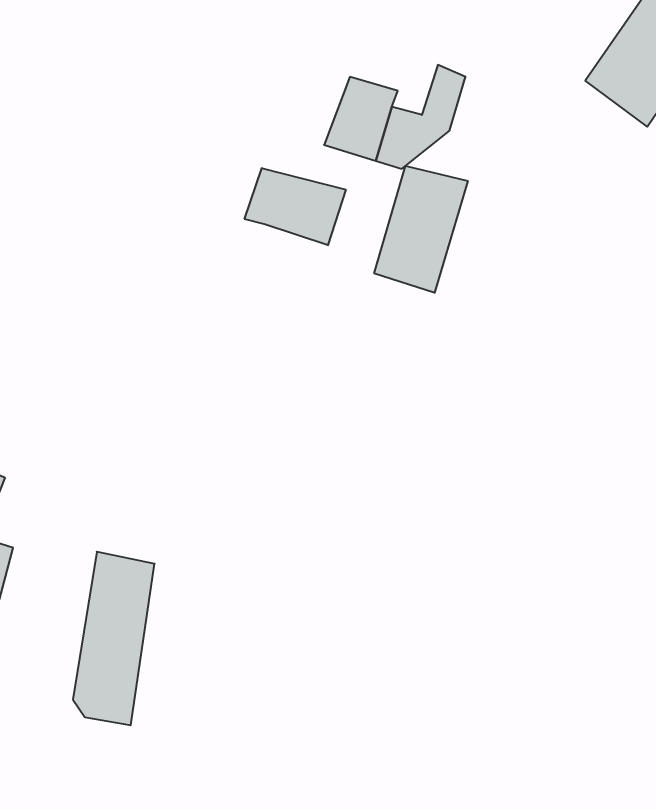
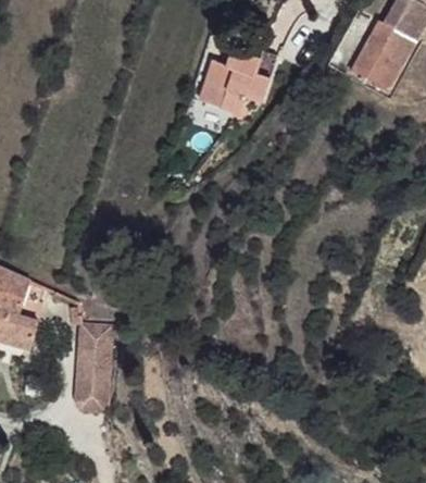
building: [374,166,468,293] -> none
building: [245,168,346,245] -> none

